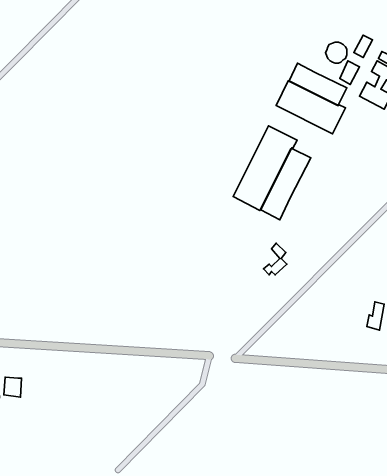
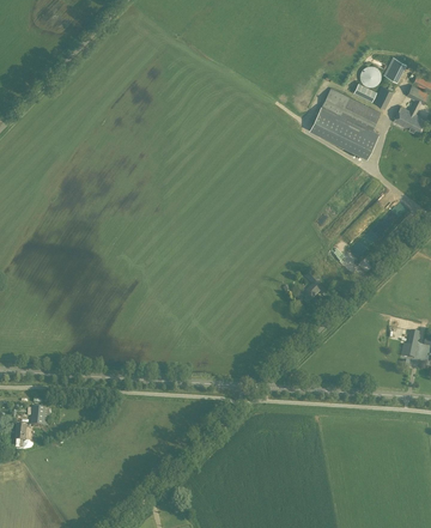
building: [233,126,311,220] -> none

